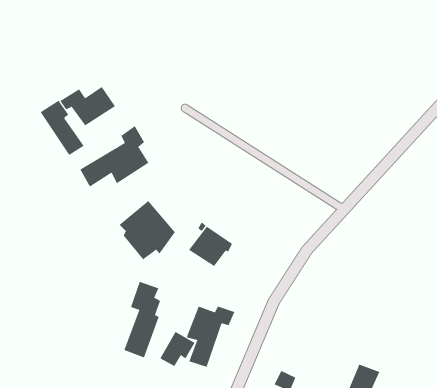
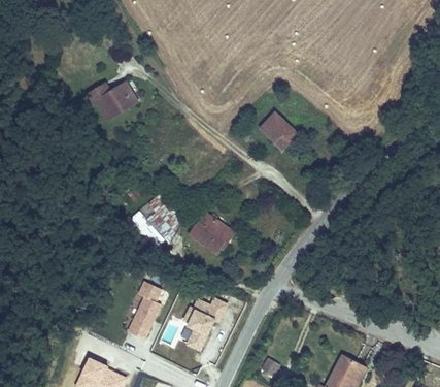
building: [40,100,84,156] -> none
building: none -> [260,112,296,147]
building: [80,125,149,188] -> none

